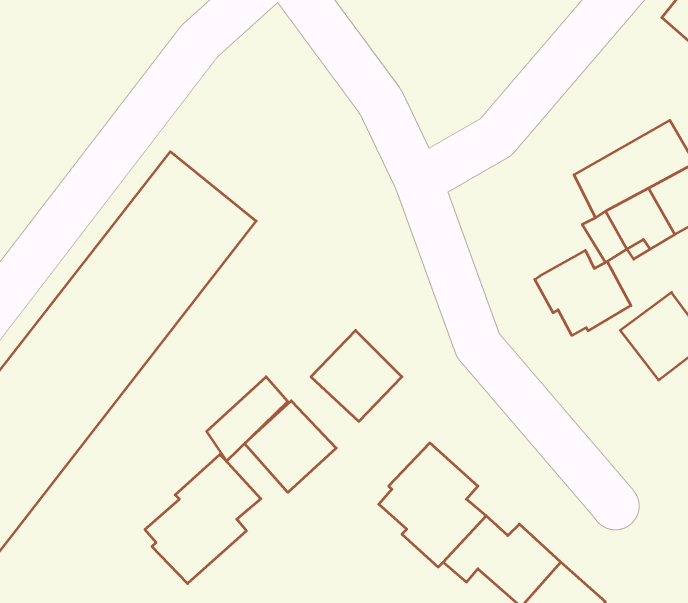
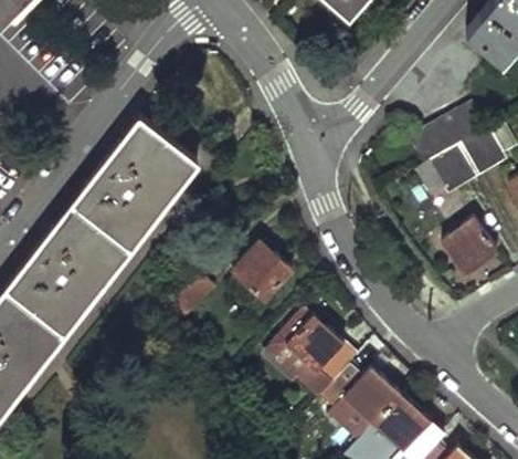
building: [535,250,631,335] -> none
building: [245,401,336,492] -> none
building: [145,454,261,584] -> none

